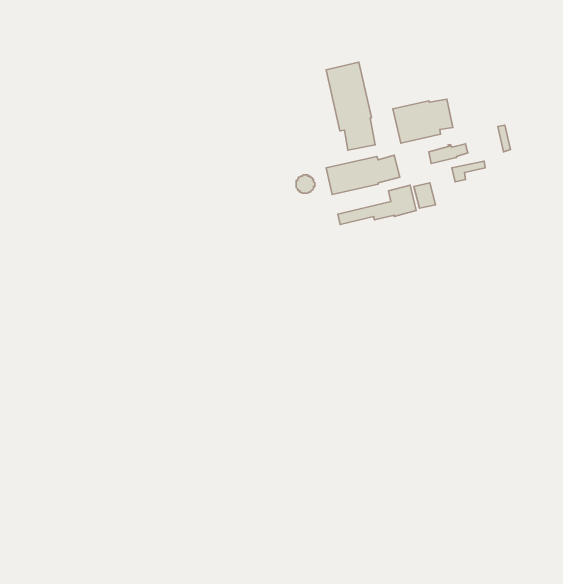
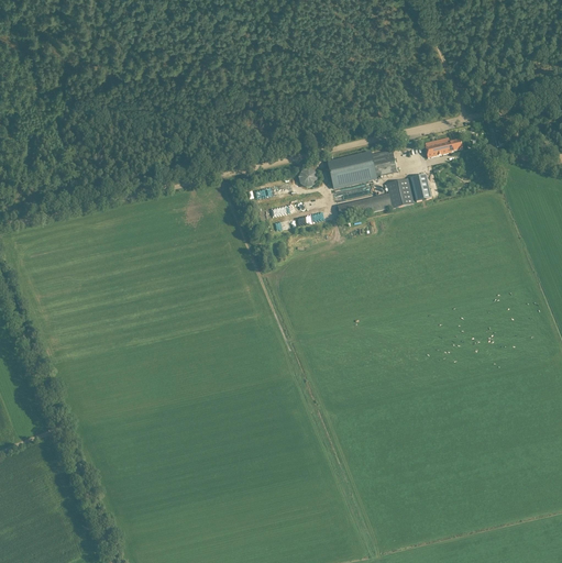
building: [326,62,375,150] -> none
building: [393,99,453,143] -> none

